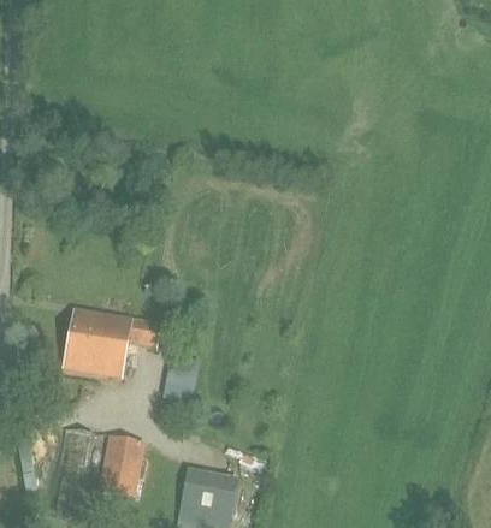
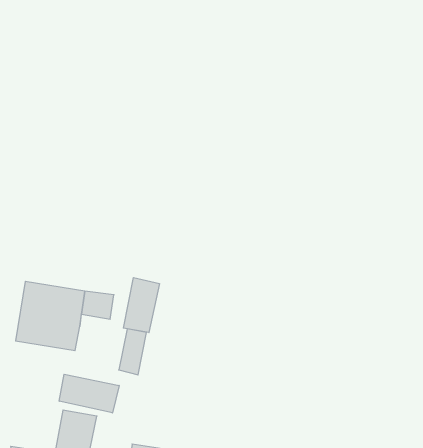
building: none -> [123,278,159,333]
building: none -> [59,374,119,413]

